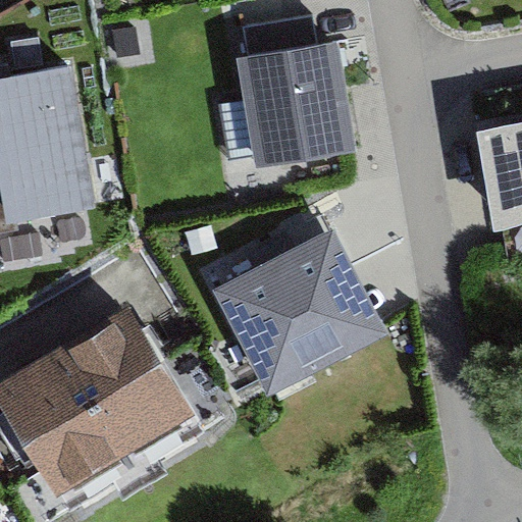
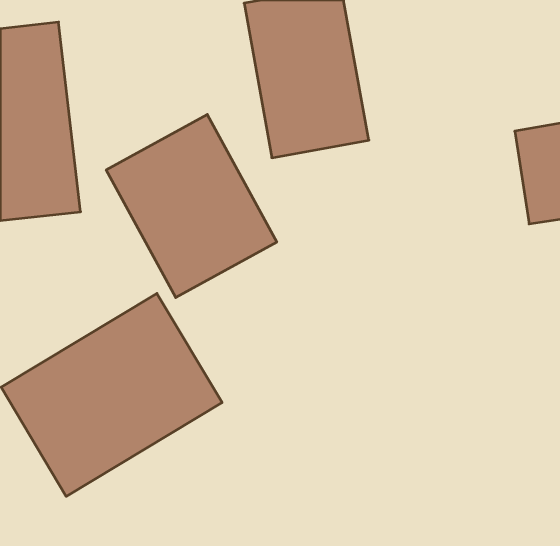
building: none -> [106,114,277,298]
building: [216,234,382,389] -> none

